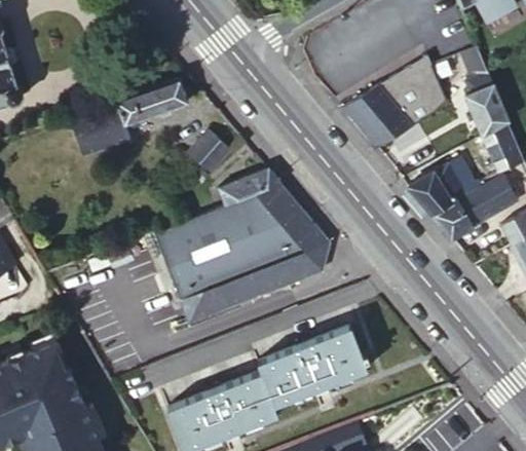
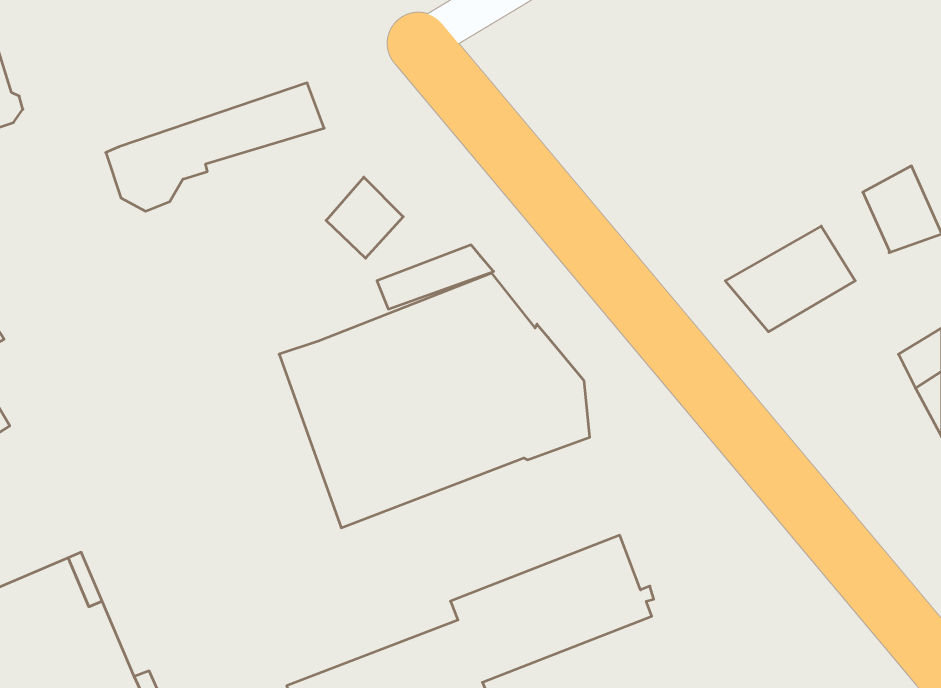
building: [460,48,508,141] -> none
building: [341,59,444,148] -> none
building: [429,176,515,241] -> none

